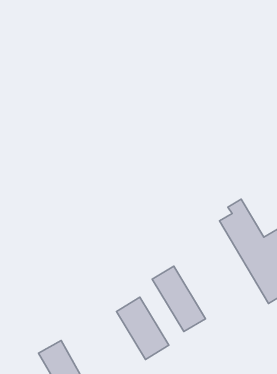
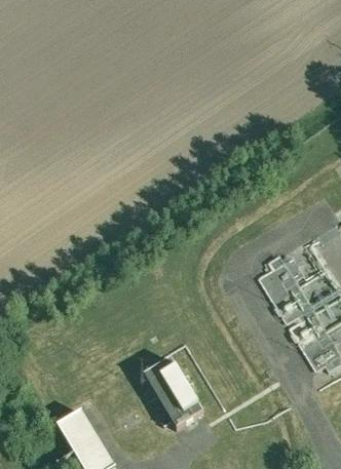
building: [152,266,206,332] -> none

